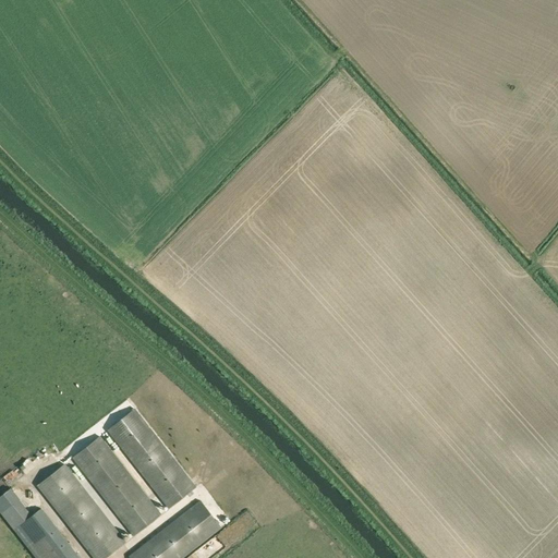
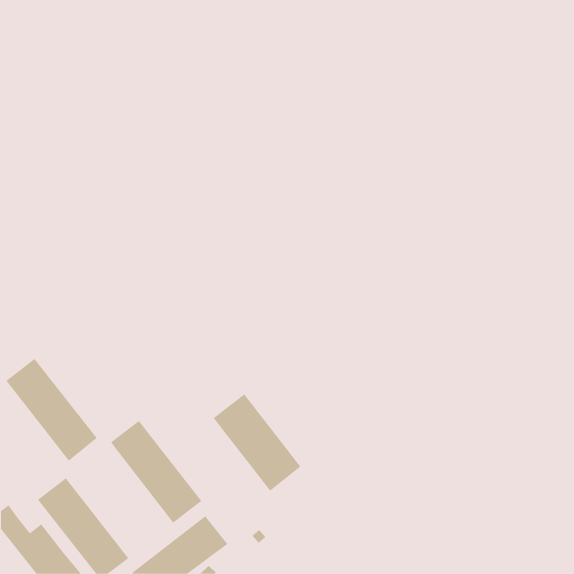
building: none -> [213,393,301,491]
building: [72,436,161,536] -> [6,358,98,462]

